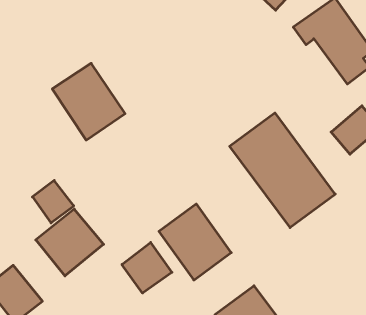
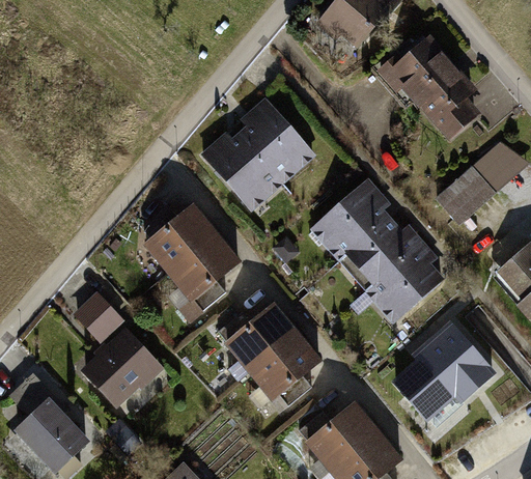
building: none -> [200,97,315,213]
building: [52,63,125,140] -> [148,206,243,304]
building: none -> [383,322,490,424]
building: [122,242,172,293] -> none

